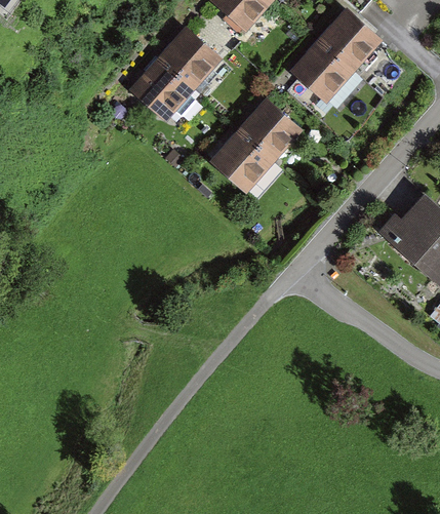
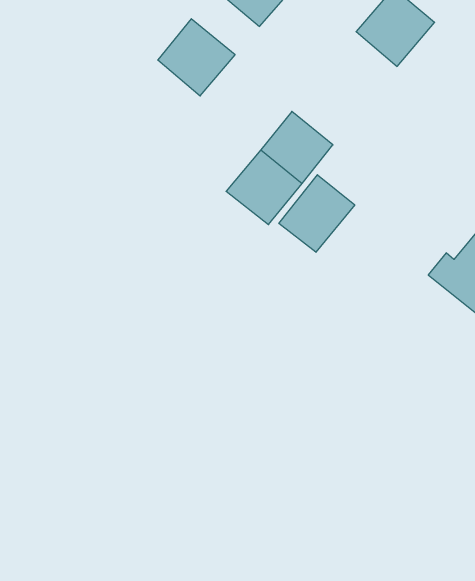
building: [290,39,351,100] -> none
building: [132,62,194,122] -> none
building: none -> [279,175,355,252]

